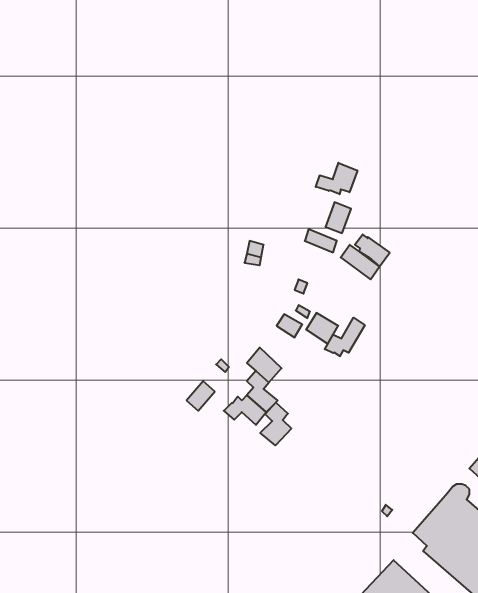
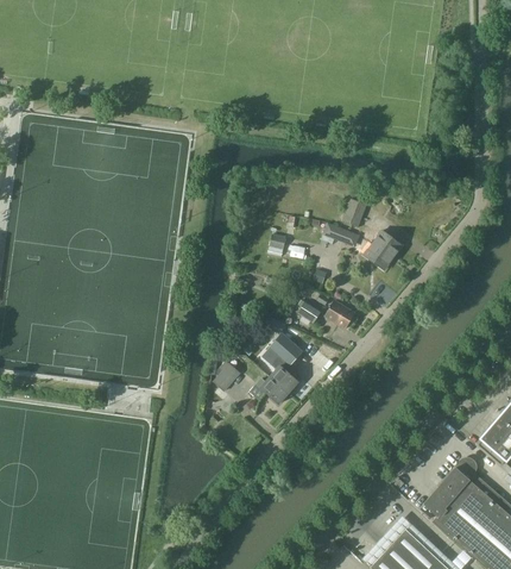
building: [316,163,357,194] -> none
building: [325,318,365,356] -> none
building: [260,402,291,445] -> none

